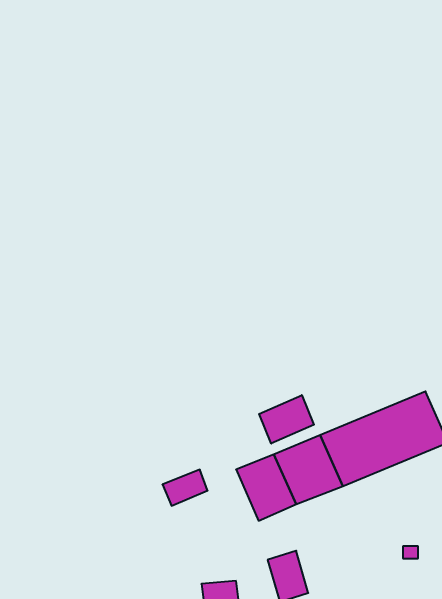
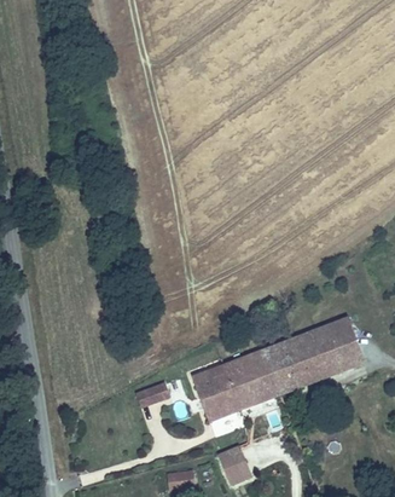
building: [259,395,314,444] -> none

